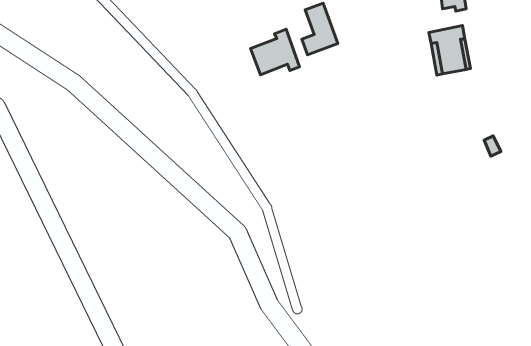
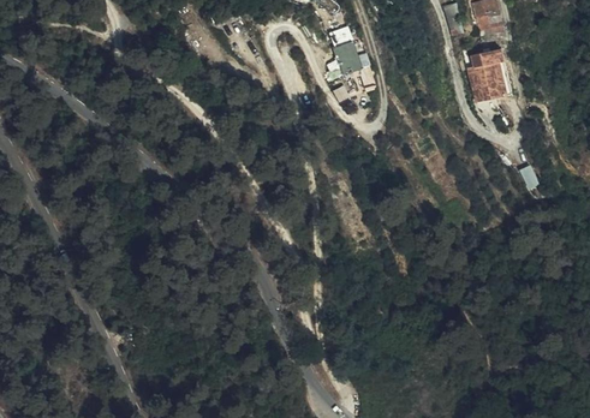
building: [251,29,300,75] -> none

